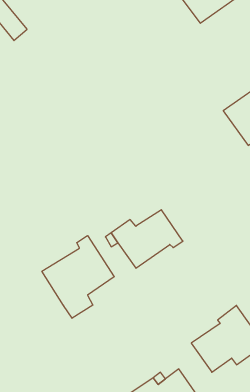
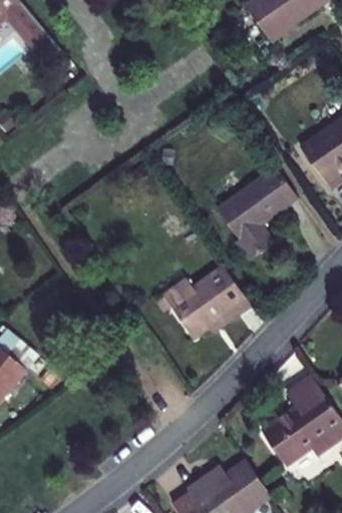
building: none -> [217,168,298,261]
building: [42,236,114,318] -> none

